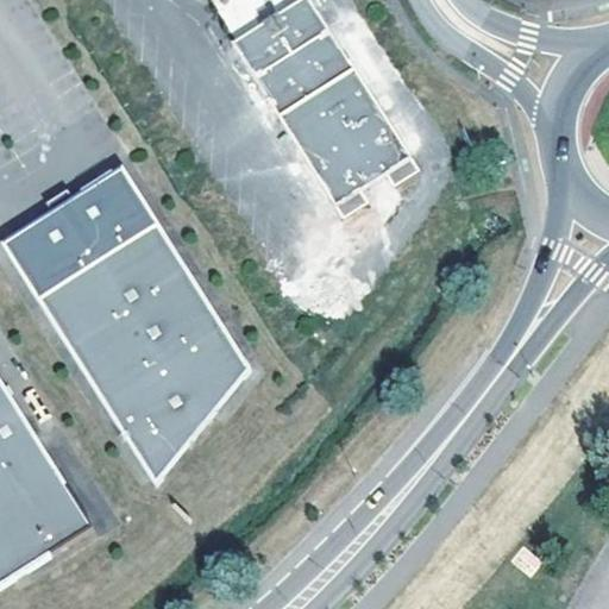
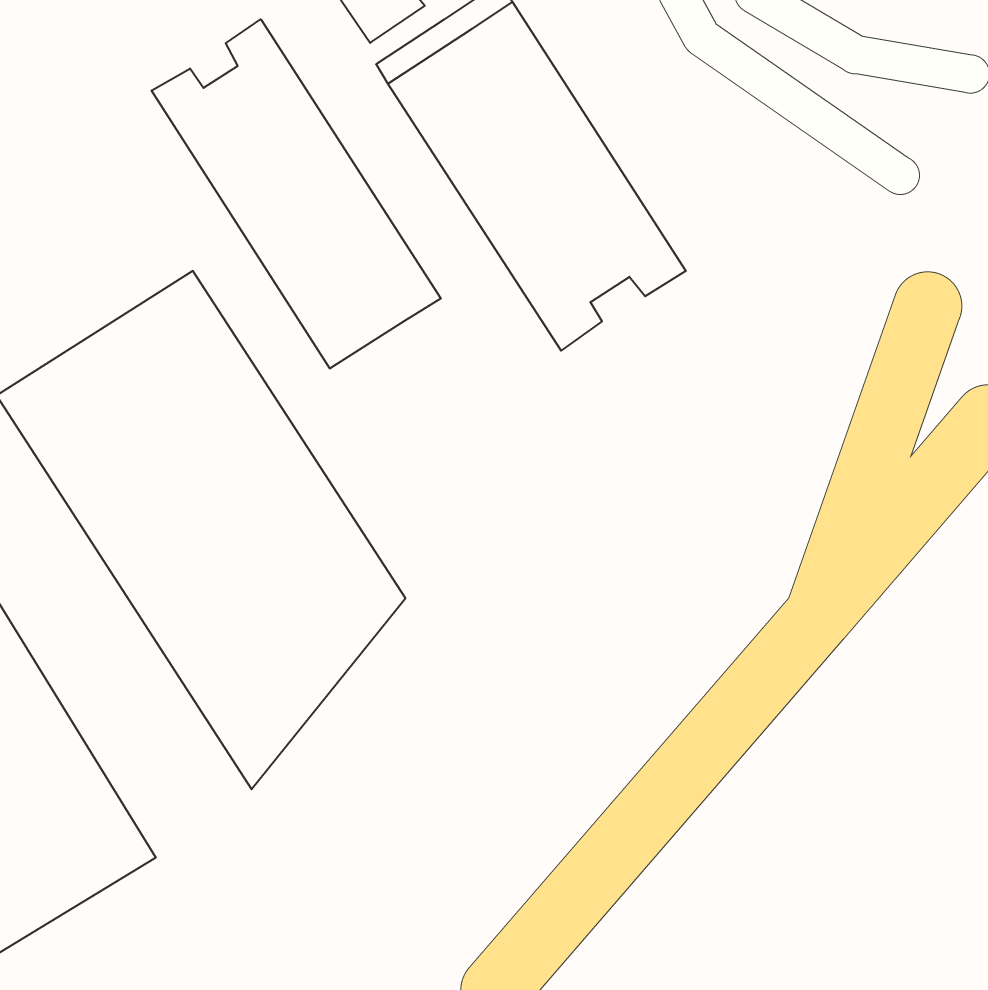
building: none -> [152,19,441,369]

